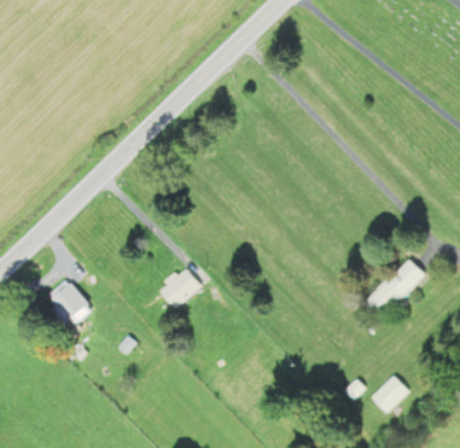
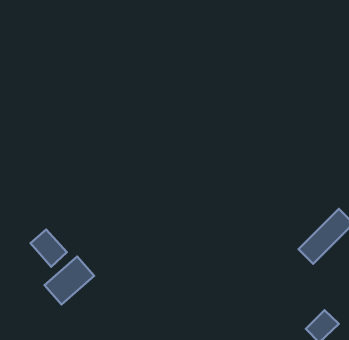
building: [159,267,202,308] -> none
building: none -> [45,257,94,304]

